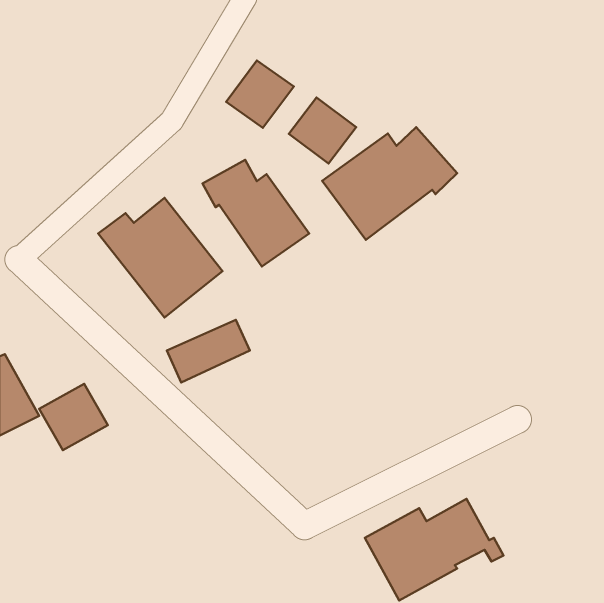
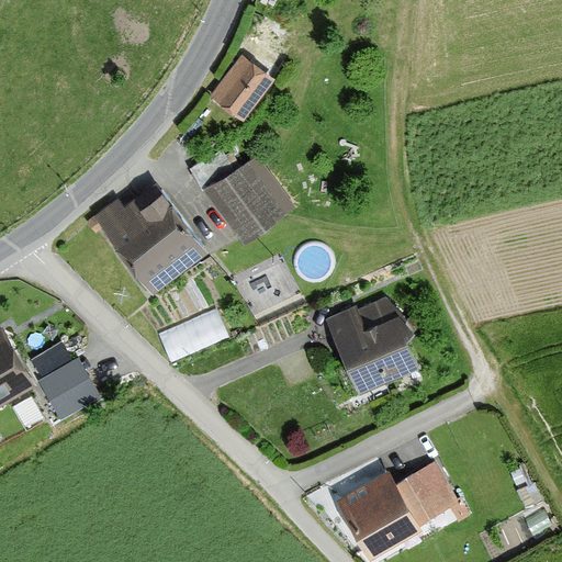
building: [289,98,356,163] -> none
building: [322,127,457,240] -> none
building: none -> [325,296,420,392]

